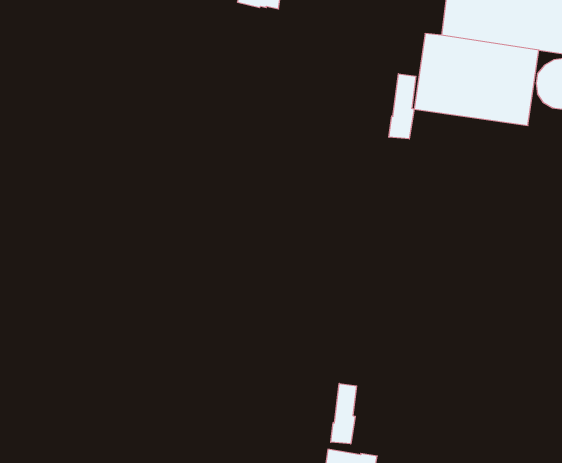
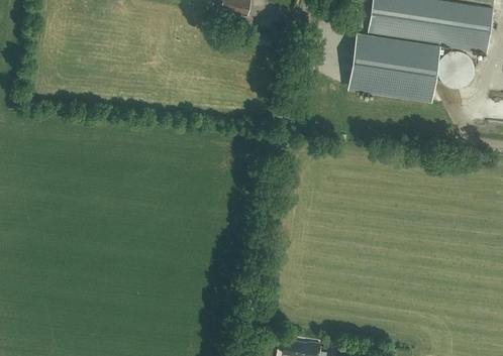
building: [389,74,416,139] -> none
building: [331,383,357,444] -> none

